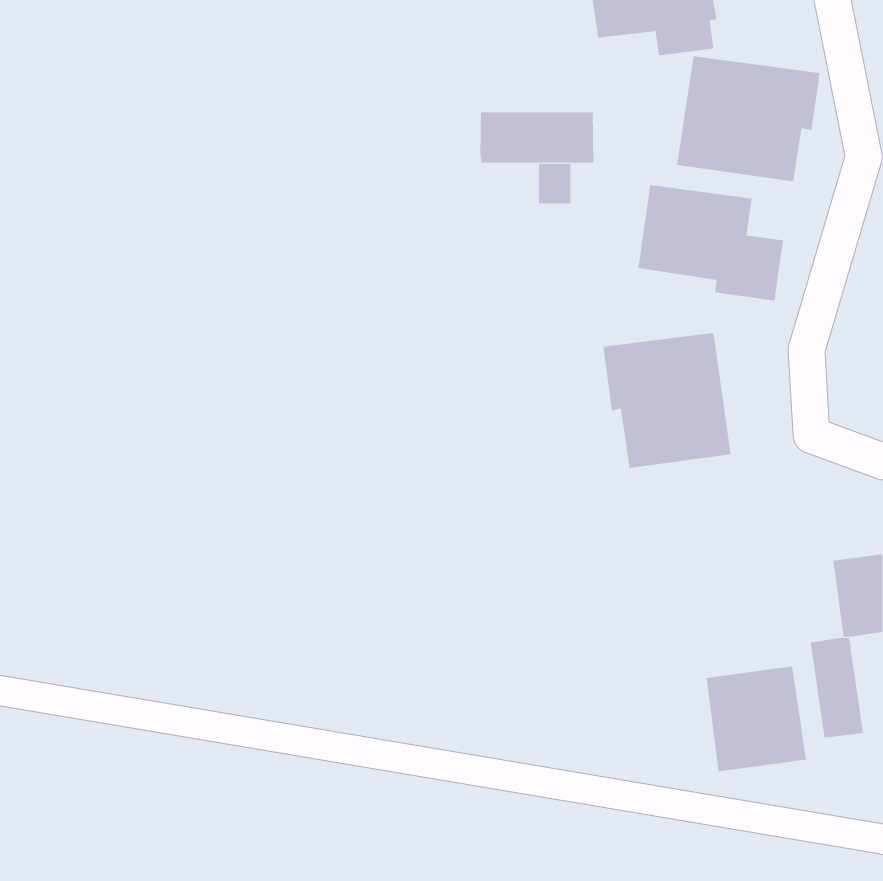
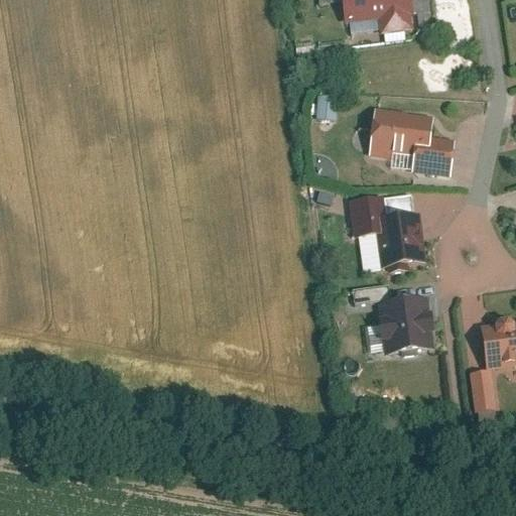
building: [676,55,820,182] -> none
building: [480,112,594,164] -> none
building: [706,666,807,772] -> [379,295,437,357]

